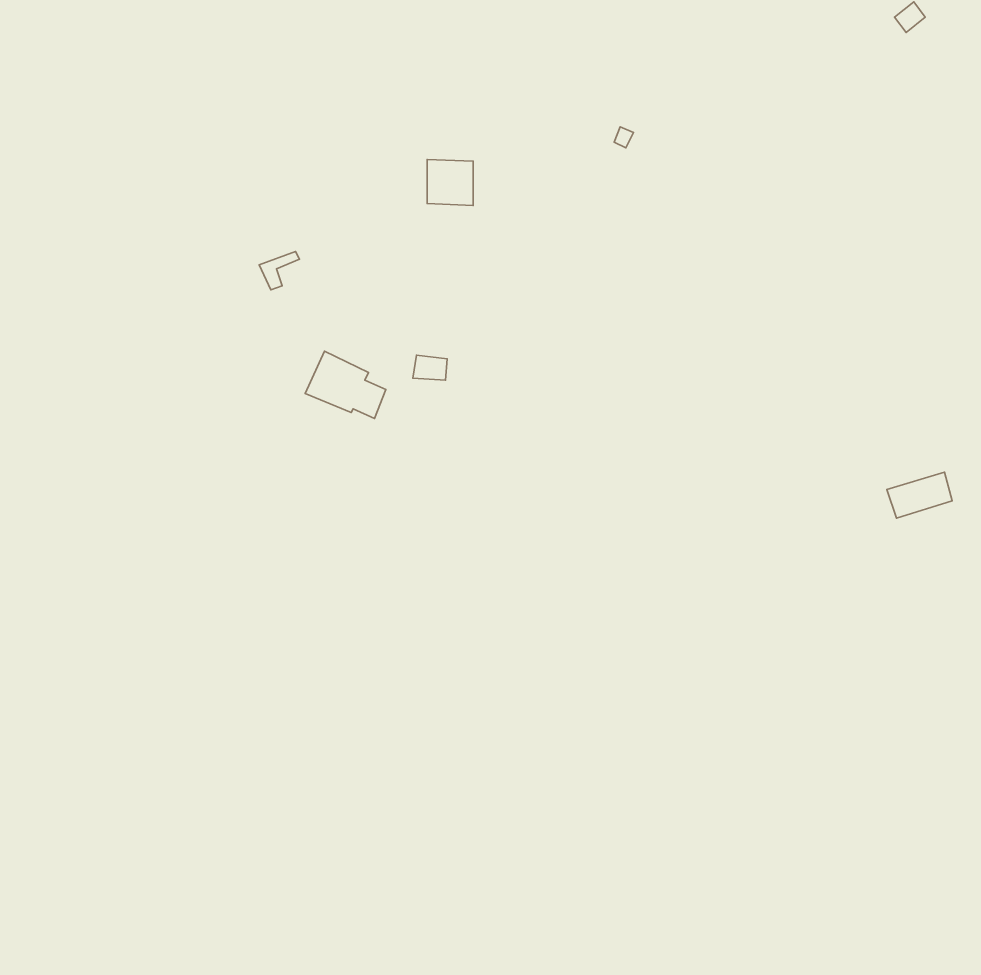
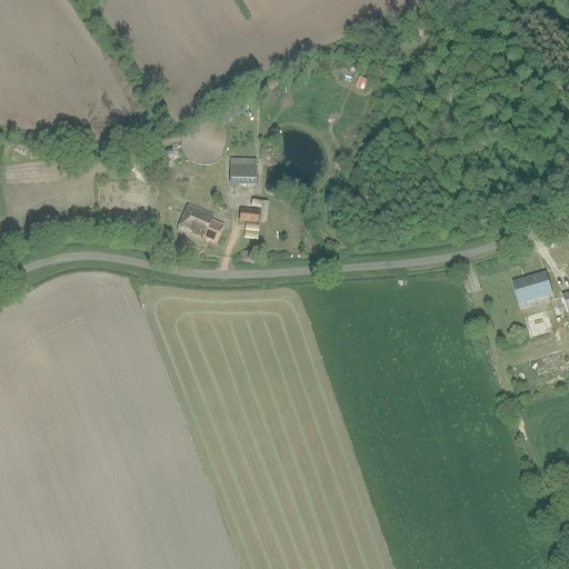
building: [427,159,473,205] -> [230,156,257,182]

